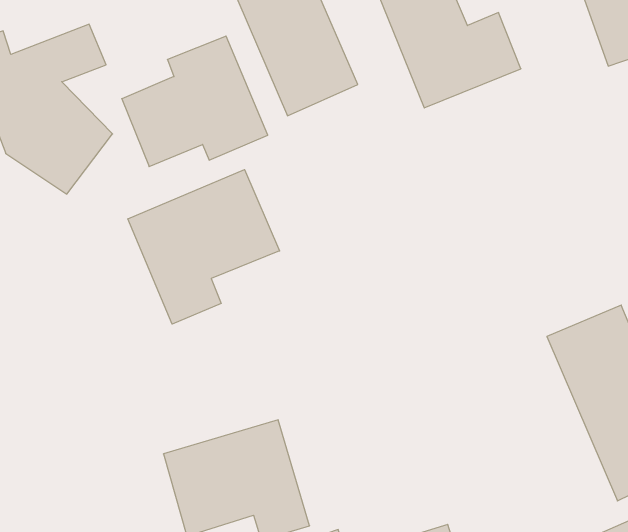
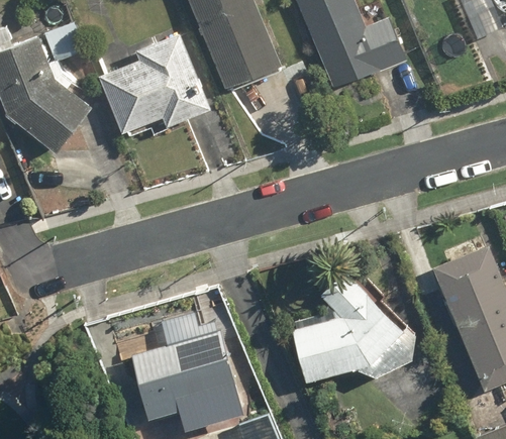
building: [128,170,280,324] -> none
building: none -> [291,273,416,382]

